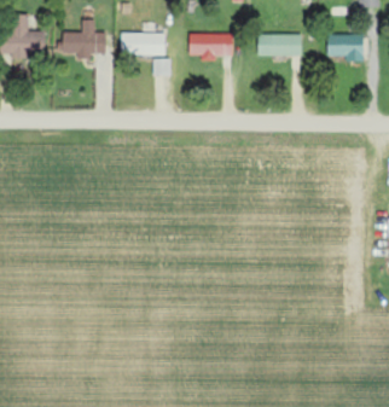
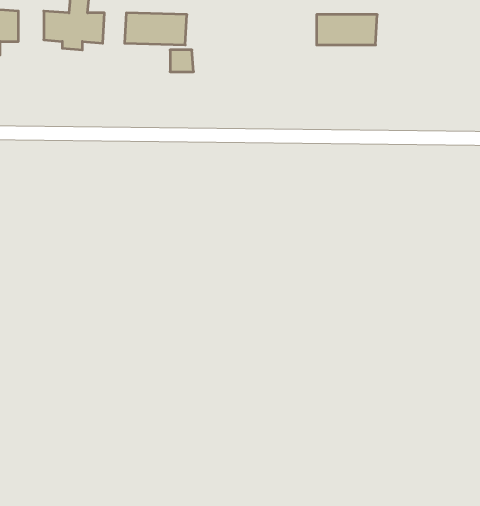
building: [188,33,234,60] -> none
building: [327,34,365,60] -> none

